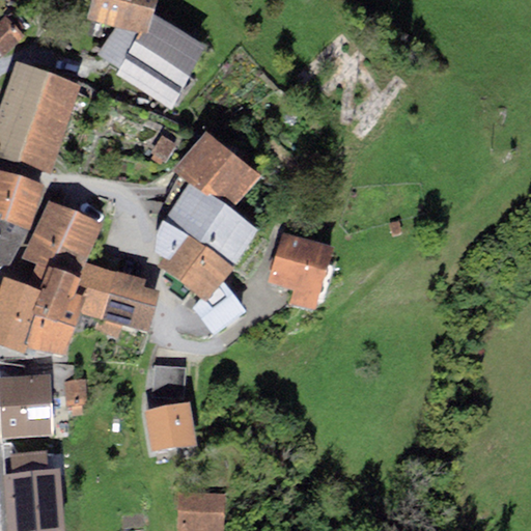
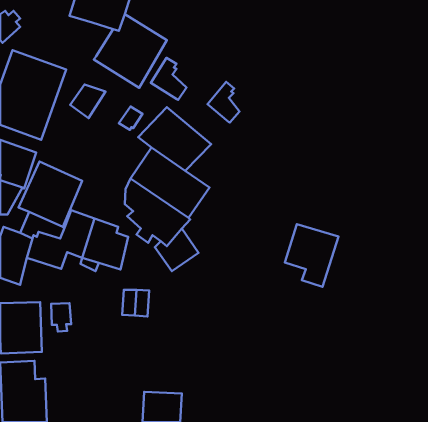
building: [96,28,140,69] -> [70,85,105,118]
building: none -> [151,58,187,100]
building: none -> [207,82,240,123]
building: [268,233,334,311] -> [285,224,339,287]
building: [26,319,76,358] -> none
building: [144,395,197,446] -> none

